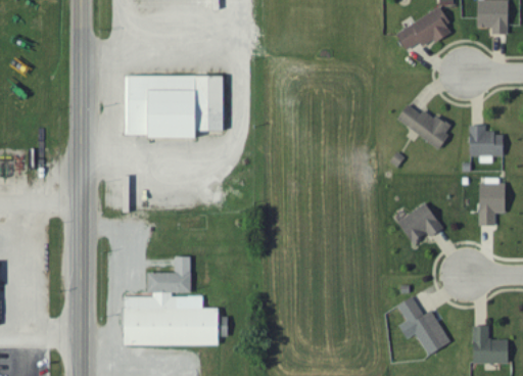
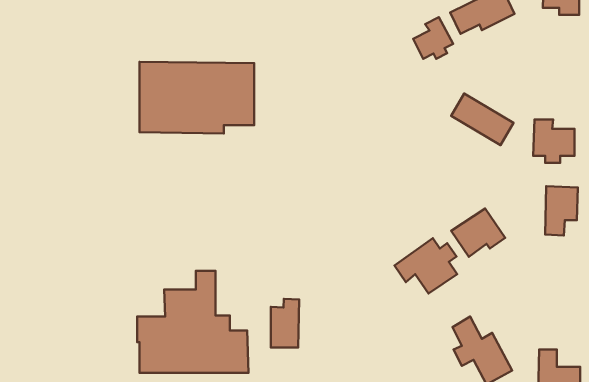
building: none -> [413,17,453,59]
building: none -> [395,238,457,294]
building: none -> [271,299,299,347]

